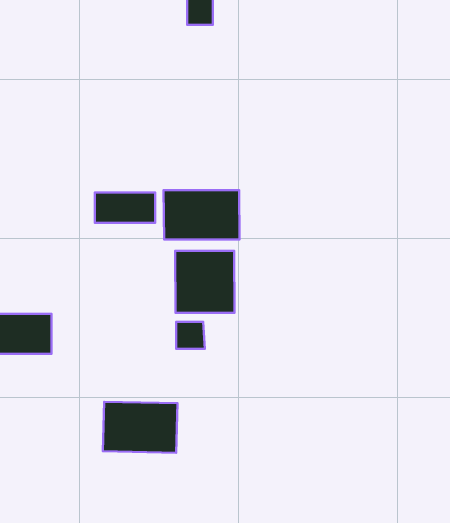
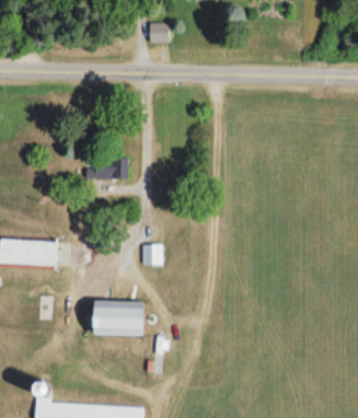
building: [164,190,240,240] -> none
building: [175,251,235,313] -> none

